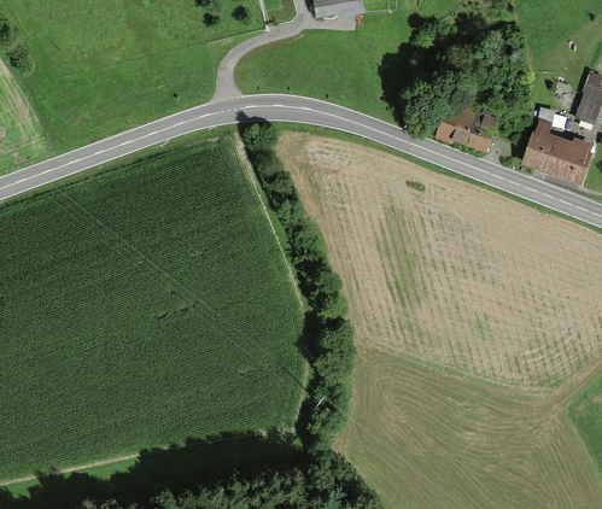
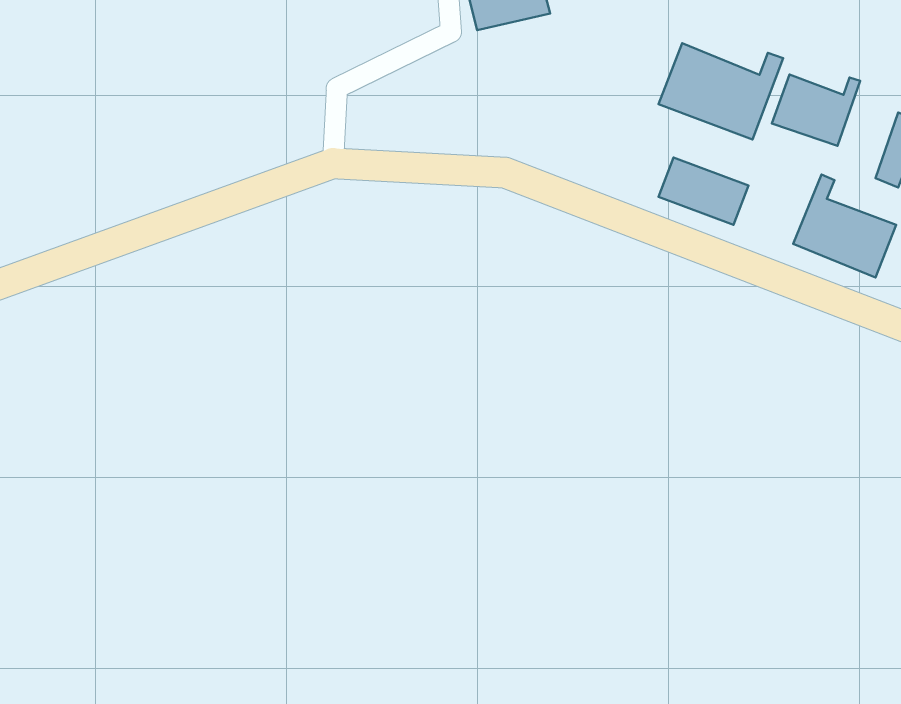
building: none -> [658,43,783,139]
building: none -> [772,74,860,146]

